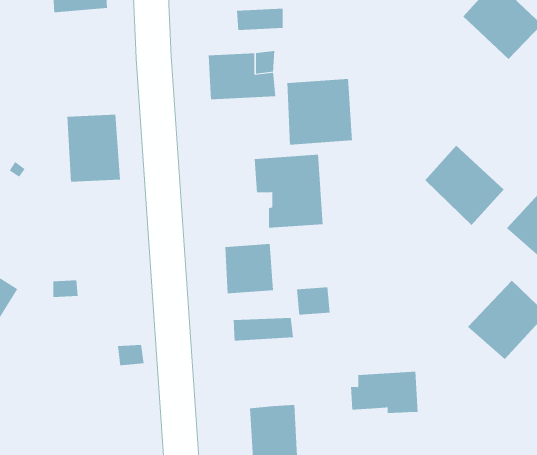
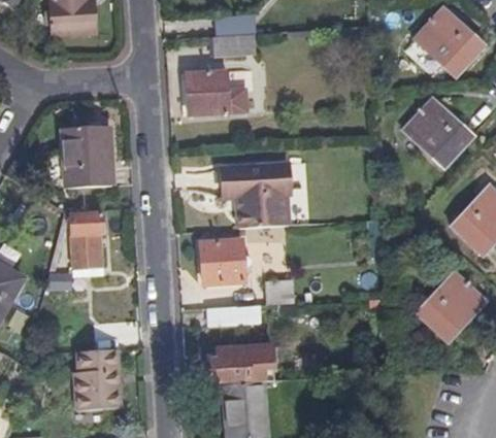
building: [287,78,353,145] -> none
building: [424,145,504,226] -> [399,100,469,171]
building: none -> [73,213,105,267]
building: none -> [75,349,122,410]
building: [350,371,419,414] -> [212,345,272,382]

